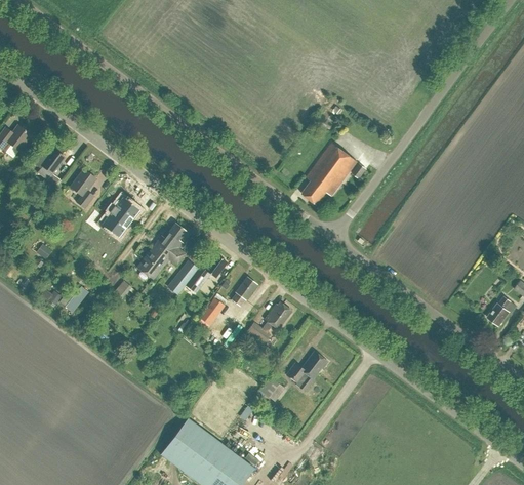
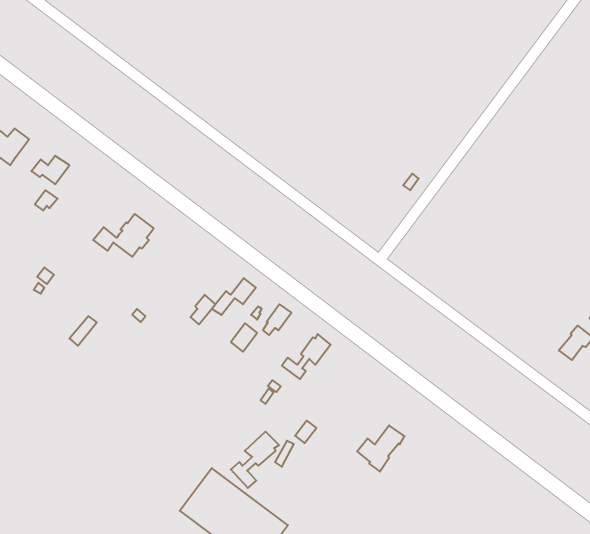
building: [303,142,358,203] -> none
building: [70,168,96,207] -> none
building: [137,223,186,278] -> none
building: [286,351,327,391] -> [357,425,405,472]
building: none -> [231,432,279,488]

